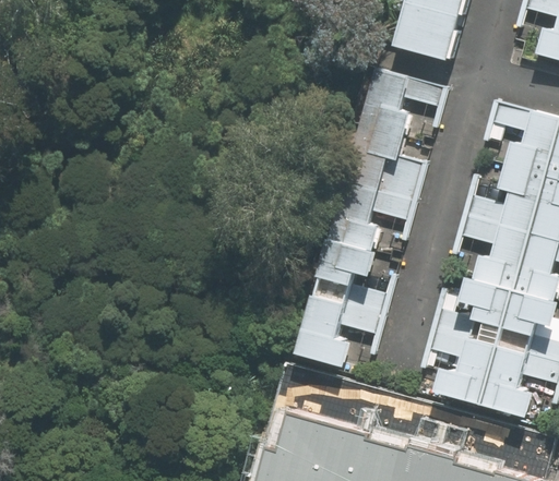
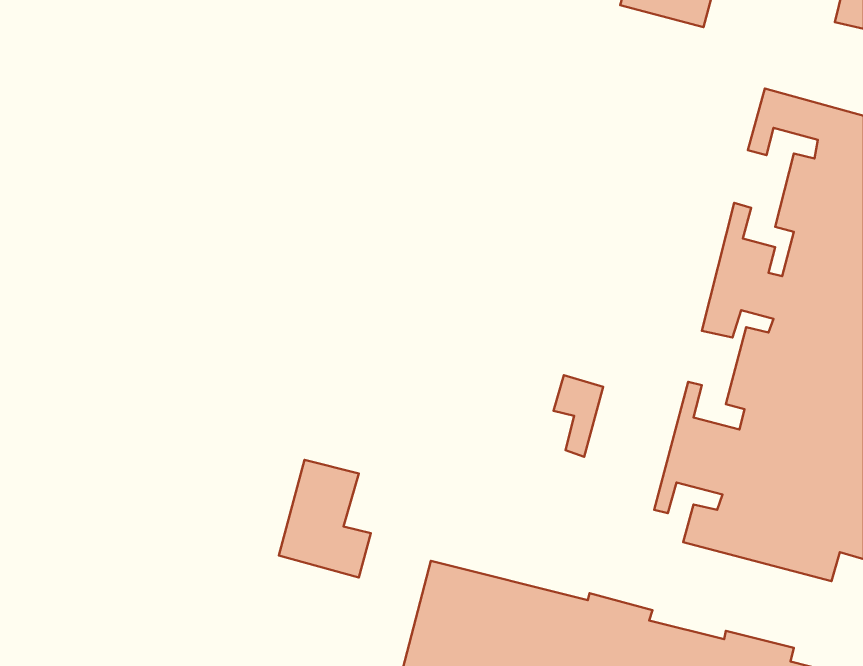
building: [320,65,451,285] -> none
building: [298,294,357,370] -> [279,460,371,578]

